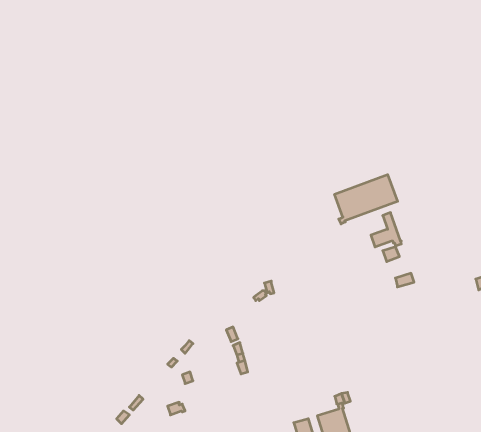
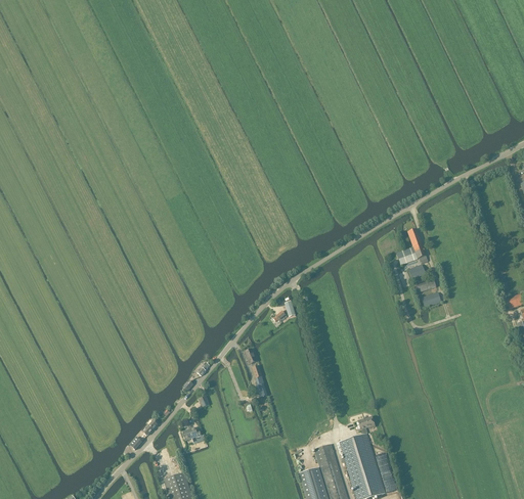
building: [335,175,398,224] -> none

